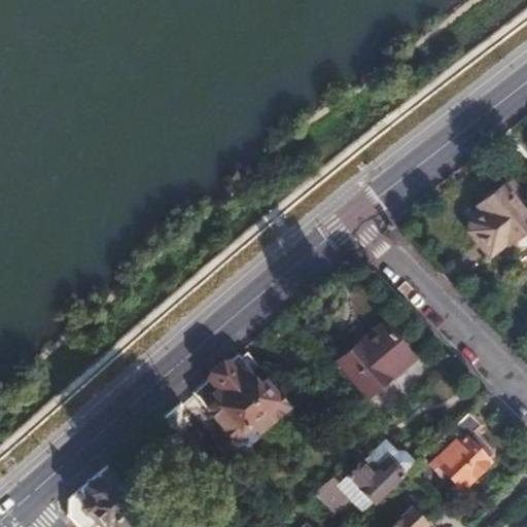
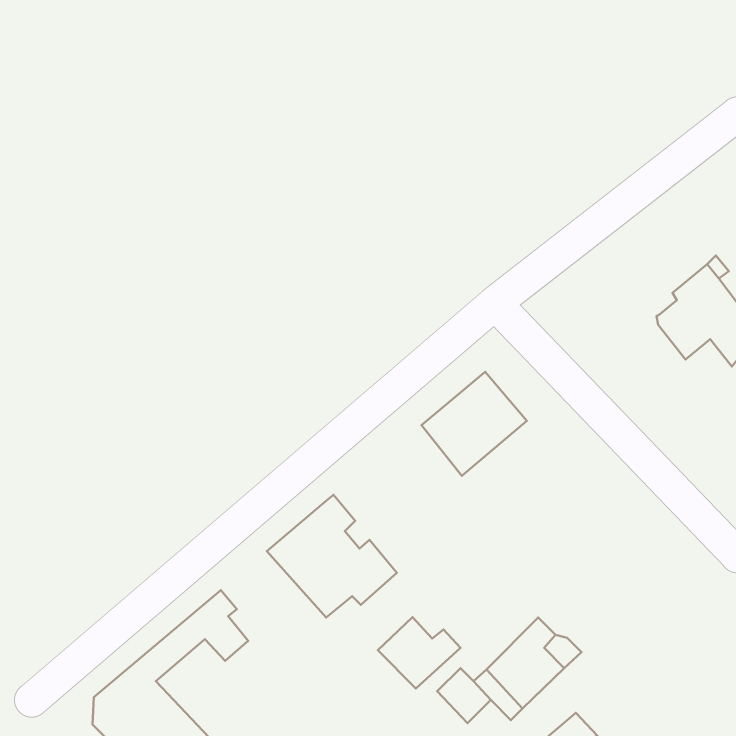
building: [338,325,413,399] -> [422,372,527,476]
building: [434,411,494,490] -> none
building: none -> [378,617,460,689]

